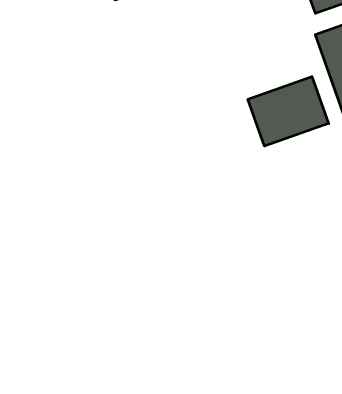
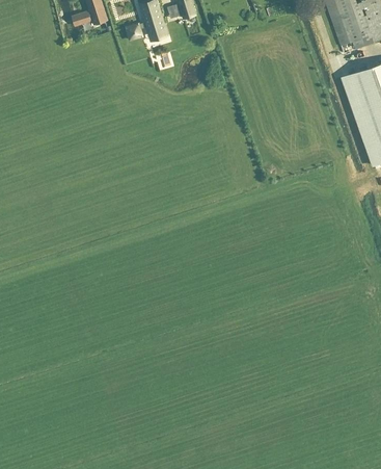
building: [248,77,329,146] -> none

